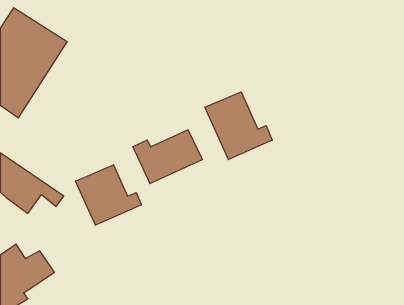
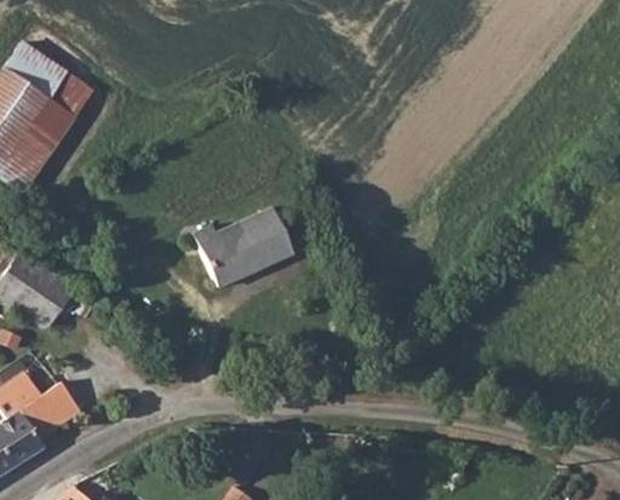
building: [205,92,272,160] -> none
building: [75,165,141,225] -> none

